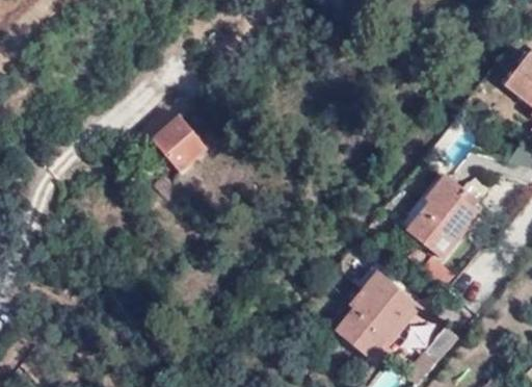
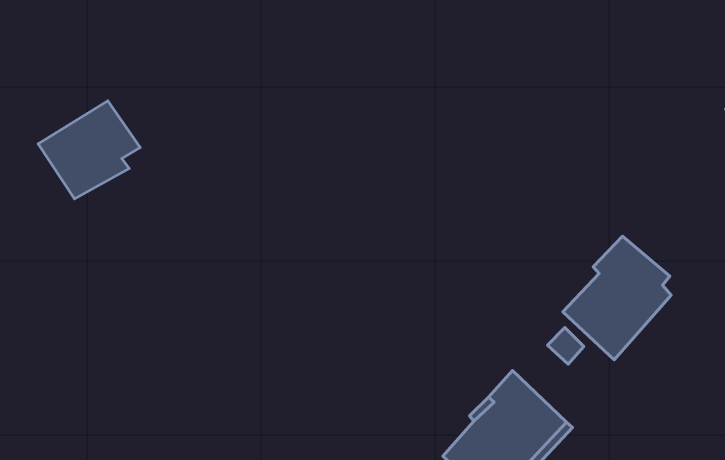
building: [154,105,221,172] -> [38,101,140,199]

